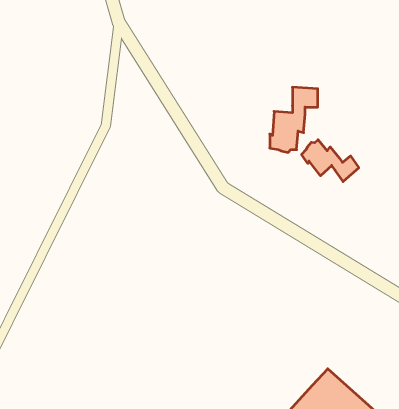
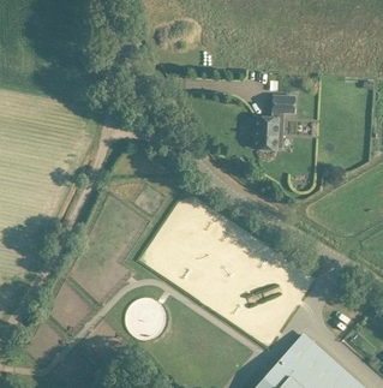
building: [302,140,359,182] -> none

